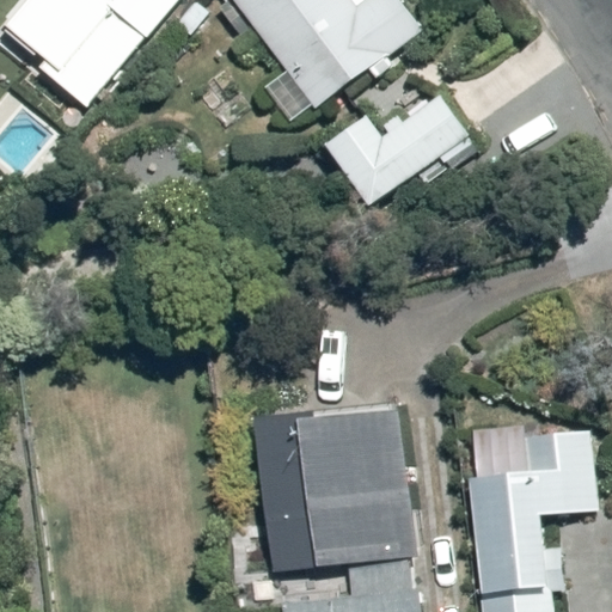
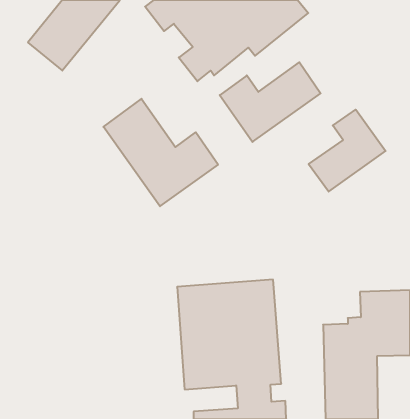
building: none -> [103,99,218,206]
building: none -> [309,110,386,192]

